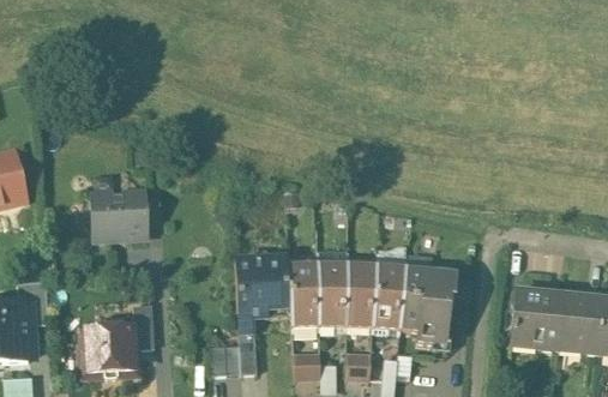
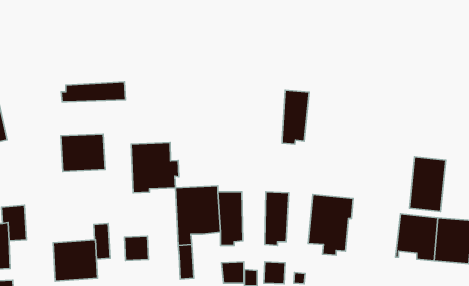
building: none -> [61,82,125,102]
building: none -> [131,142,179,193]
building: none -> [409,157,446,212]
building: [318,263,348,329] -> none
building: [373,264,407,331] -> [282,90,309,144]
building: [211,343,241,373] -> [125,236,149,260]

